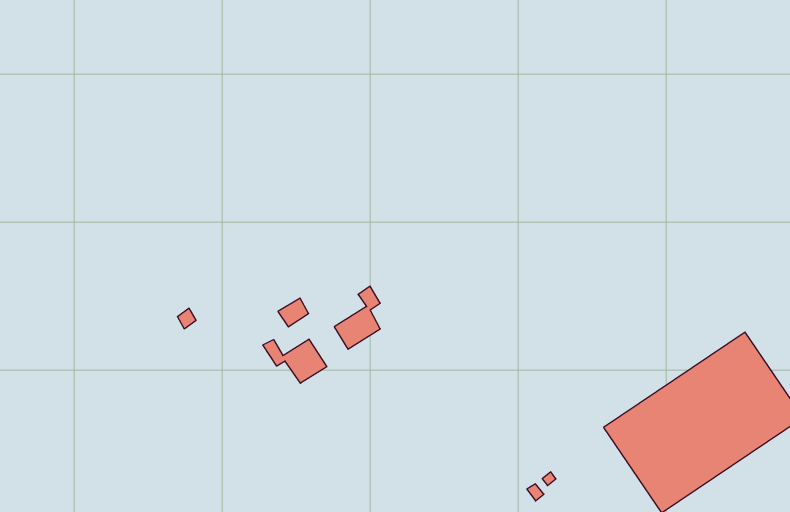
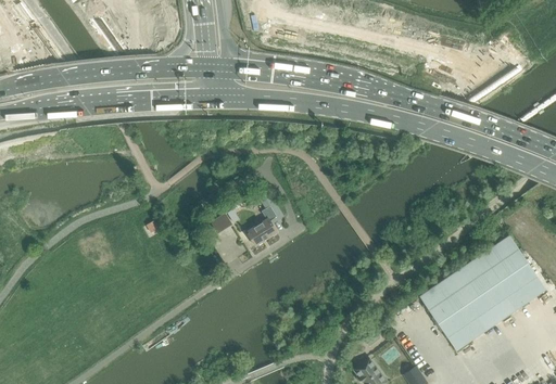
building: [263,339,327,383] -> none

